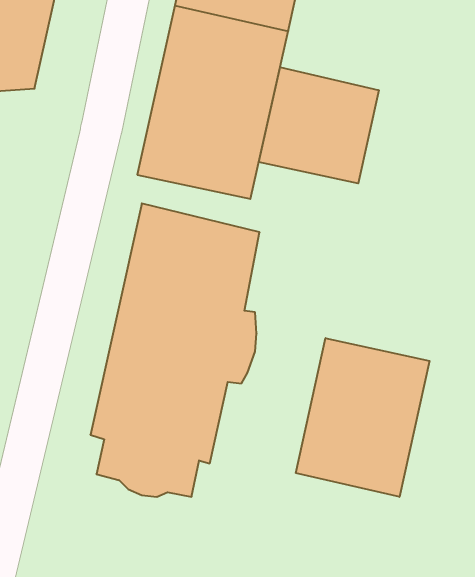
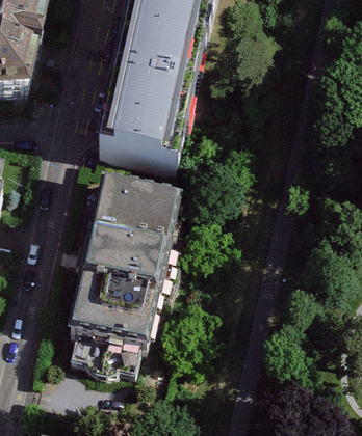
building: [259,67,379,183] -> none
building: [296,338,430,497] -> none

